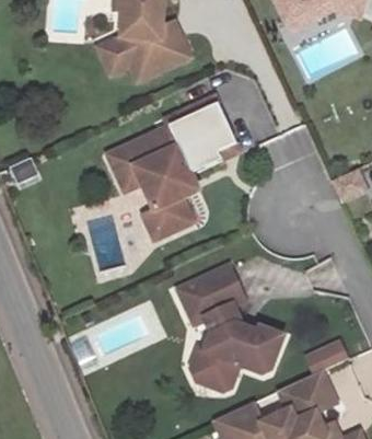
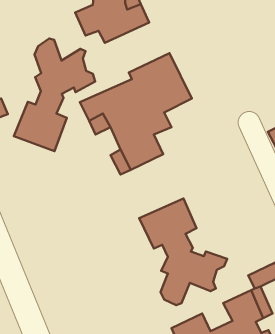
building: none -> [14,39,95,151]

